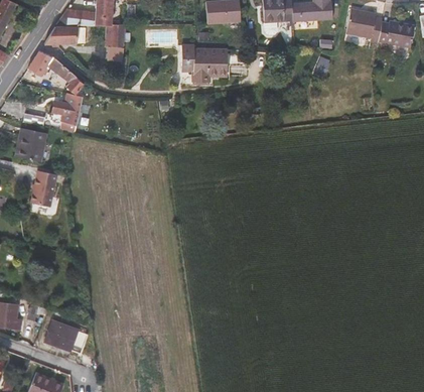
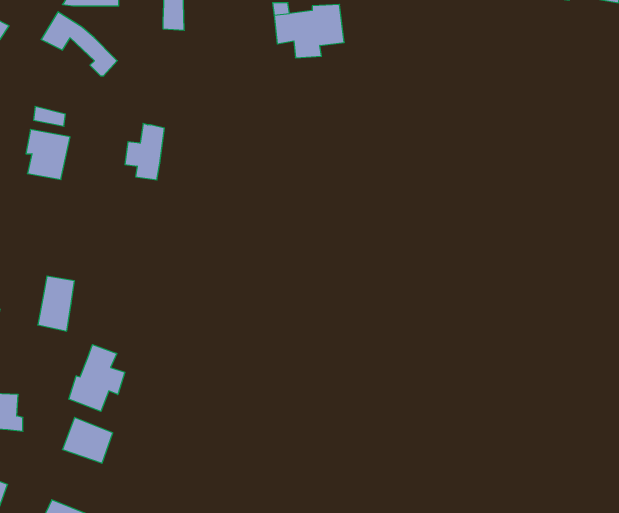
building: [54,91,81,128] -> [125,123,164,180]
building: [32,168,56,205] -> [38,276,74,331]
building: none -> [69,345,125,411]

